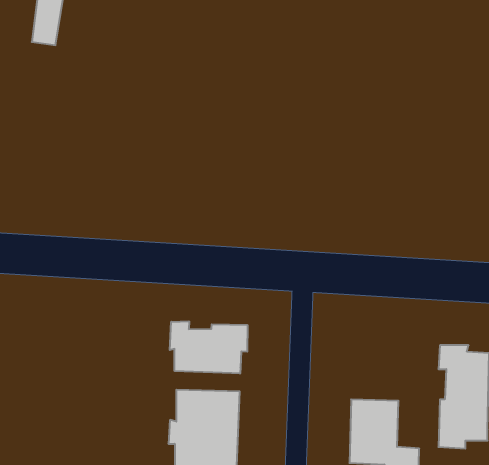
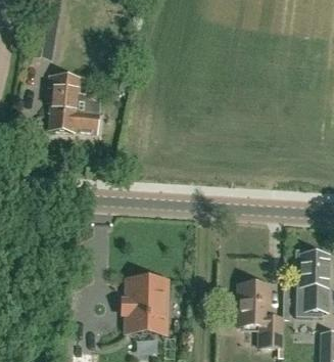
building: none -> [49,73,100,131]
building: [170,321,247,374] -> none

